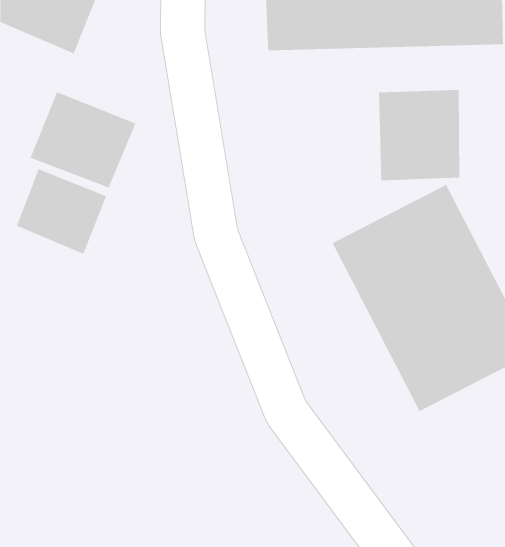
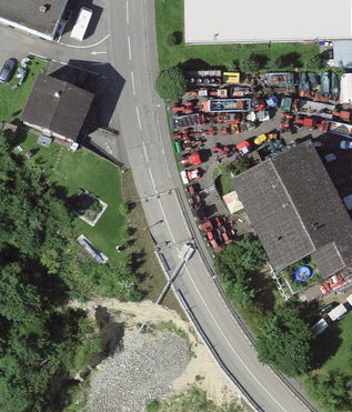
building: [378,89,460,181] -> none
building: [16,168,107,255] -> none

